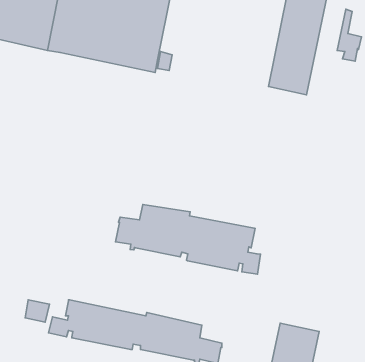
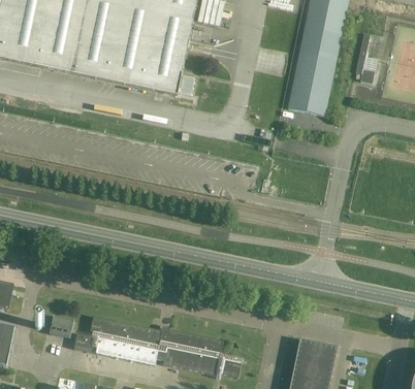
building: [116,205,261,274] -> none

